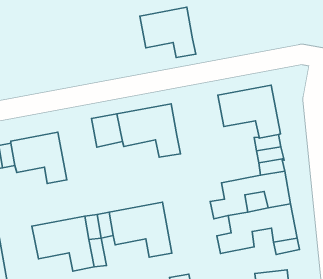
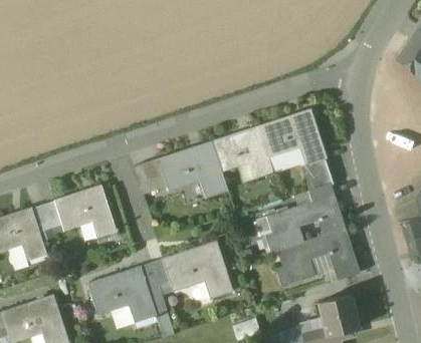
building: [140,7,196,58] -> [212,126,273,179]

